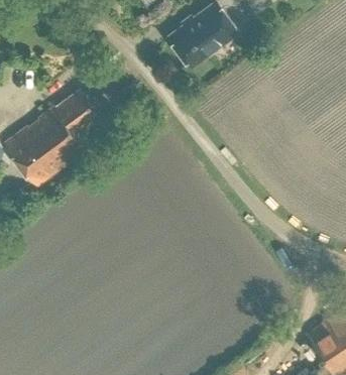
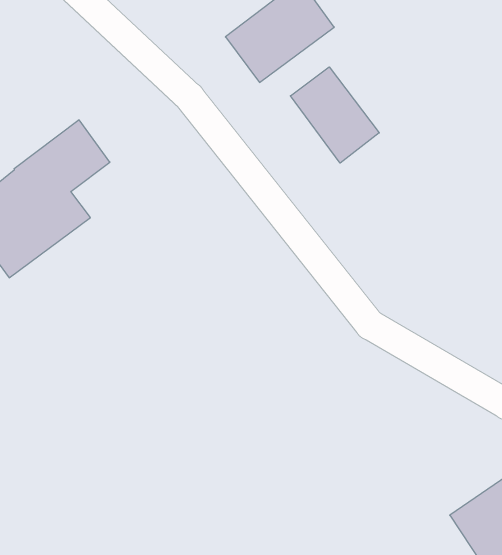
building: none -> [290,67,379,163]

